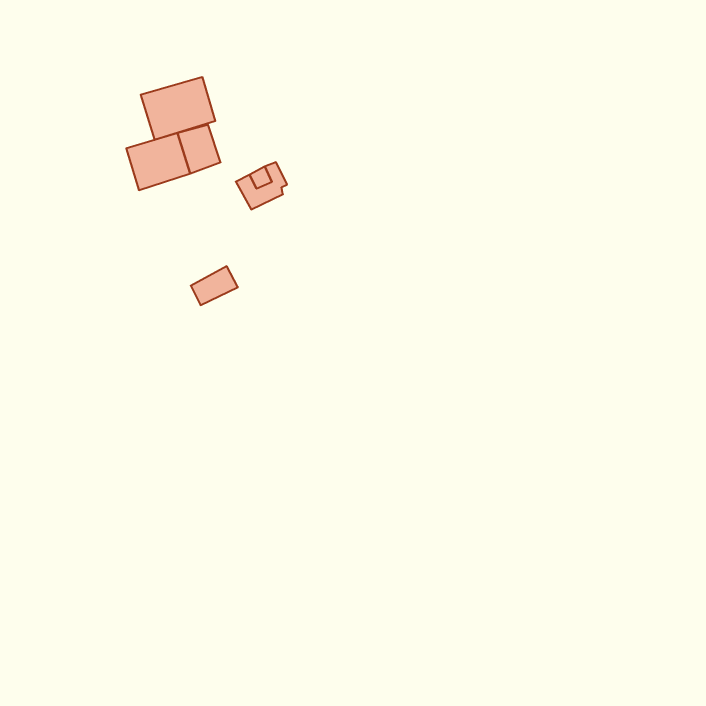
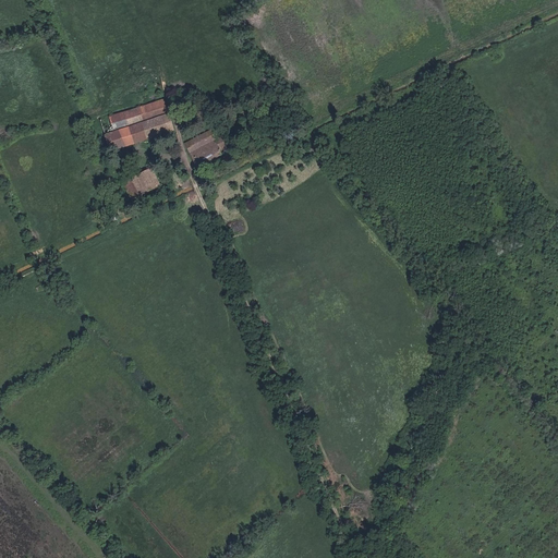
building: [141,77,215,140] -> none
building: [191,266,238,305] -> [122,168,159,198]

